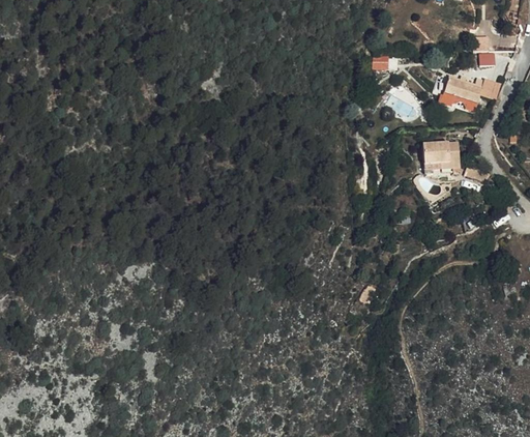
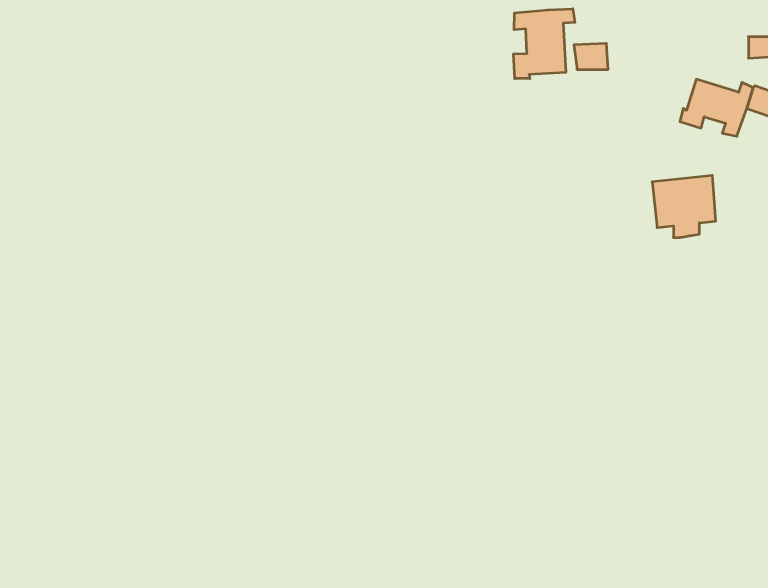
building: none -> [514,9,575,79]

